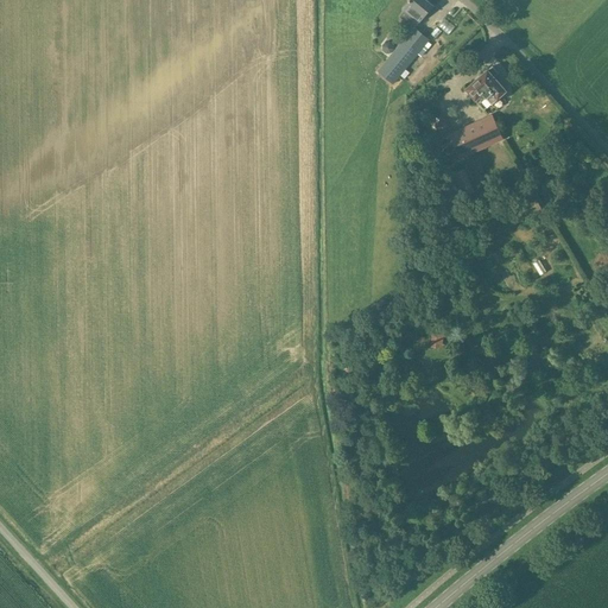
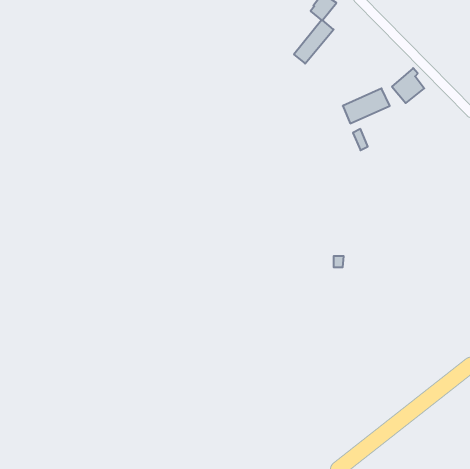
building: [467,63,508,108] -> [392,68,424,103]

